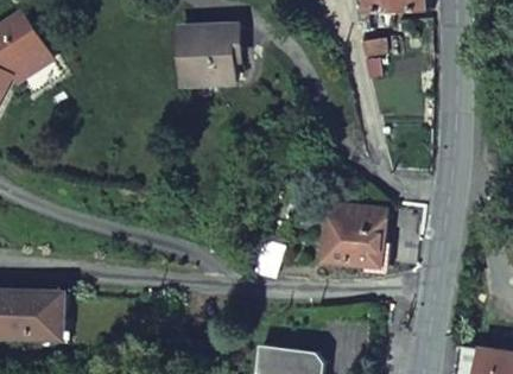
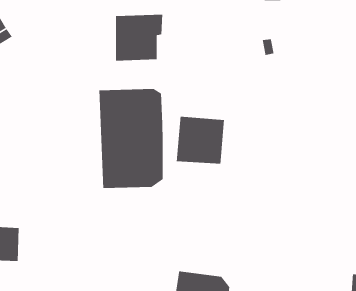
building: none -> [99,88,164,189]
building: [324,205,385,266] -> [176,116,225,165]

